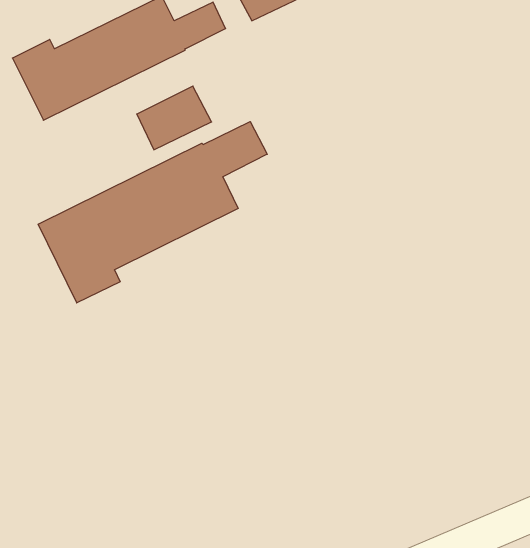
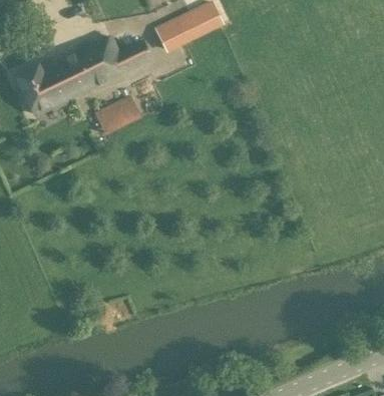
building: [38,122,267,303] -> none

